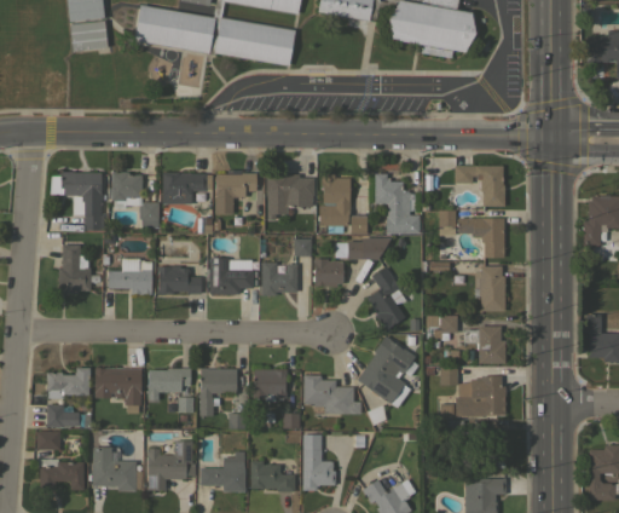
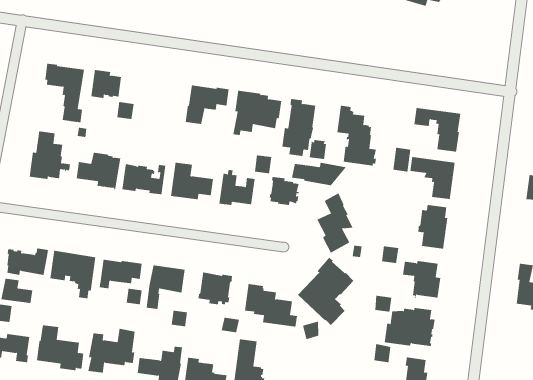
building: [163,173,213,203] -> none

